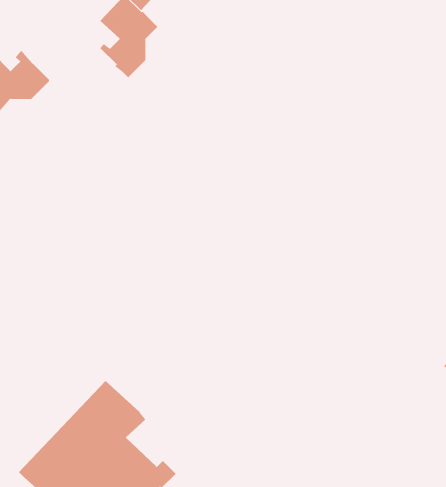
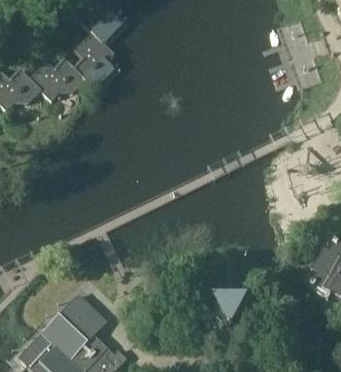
building: none -> [29,55,86,97]
building: none -> [211,292,247,324]

